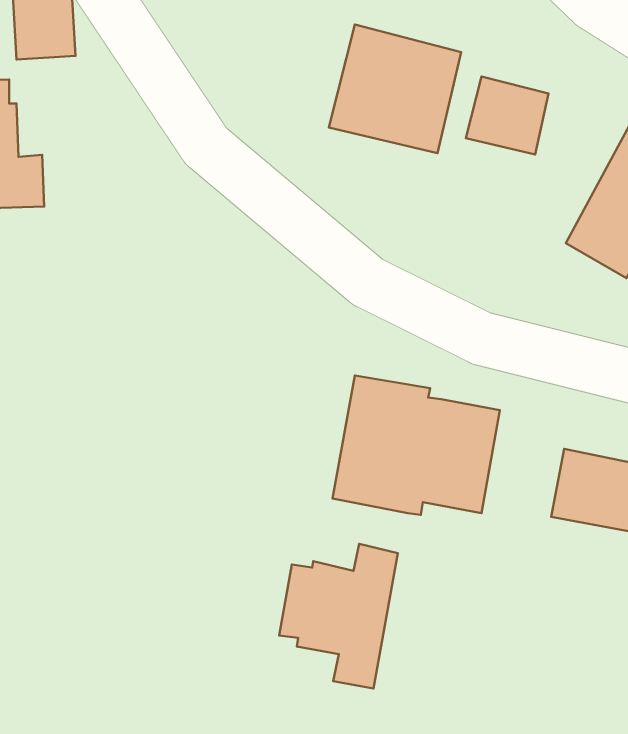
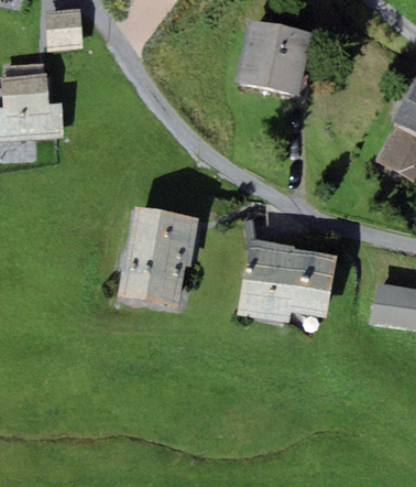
building: [466,76,549,154] -> none
building: none -> [117,205,200,309]
building: [279,544,398,689] -> none

